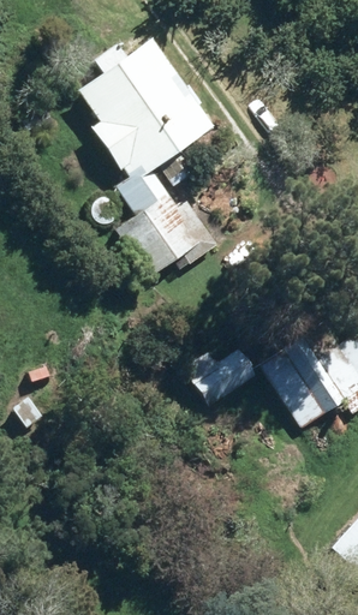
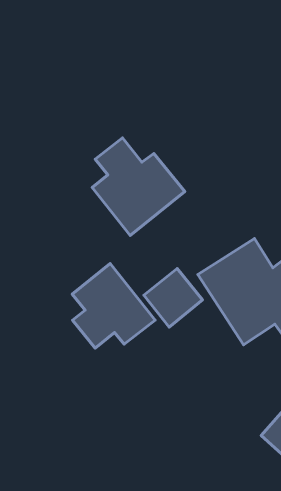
building: [74,38,214,190] -> none
building: none -> [72,264,155,348]

